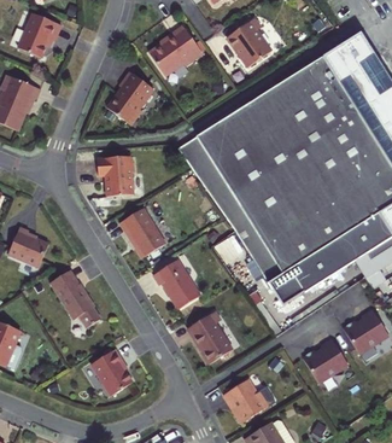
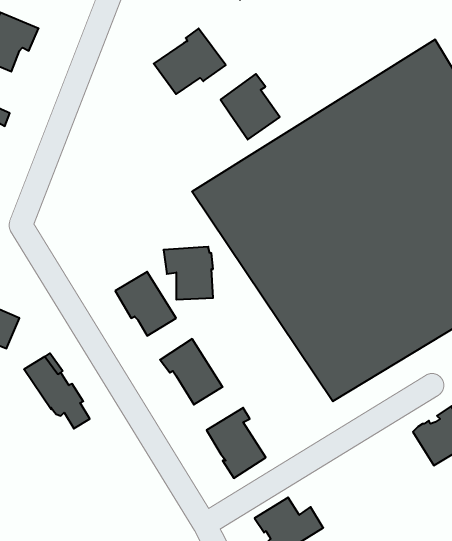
building: [227,18,271,68] -> [221,74,280,140]
building: [106,72,154,127] -> none
building: [96,155,134,194] -> [163,247,213,300]
building: [303,339,349,384] -> none
building: [92,349,133,396] -> none

